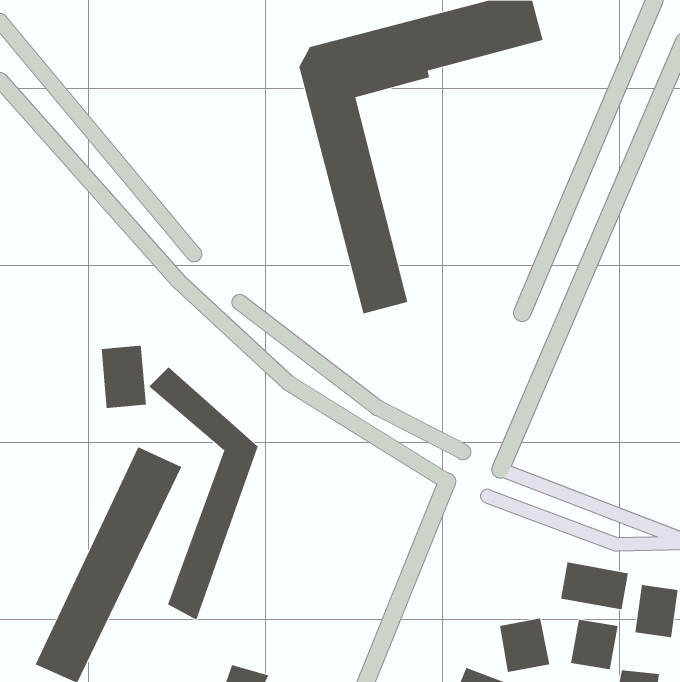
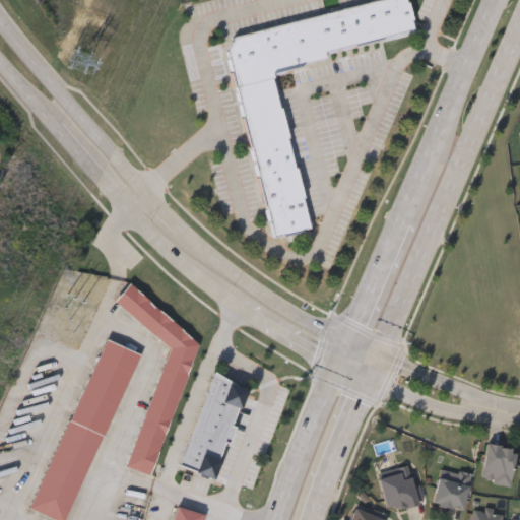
building: [101,345,146,409] -> none
building: none -> [180,375,251,480]
building: [561,562,628,610] -> none

